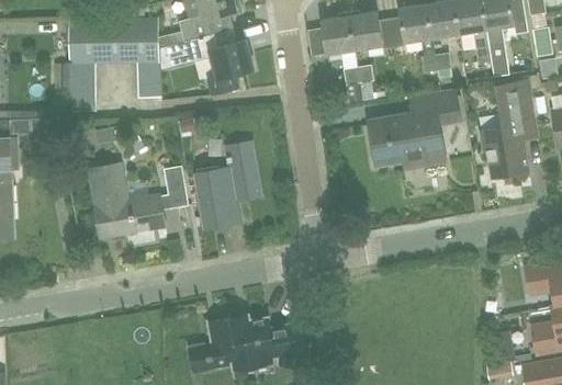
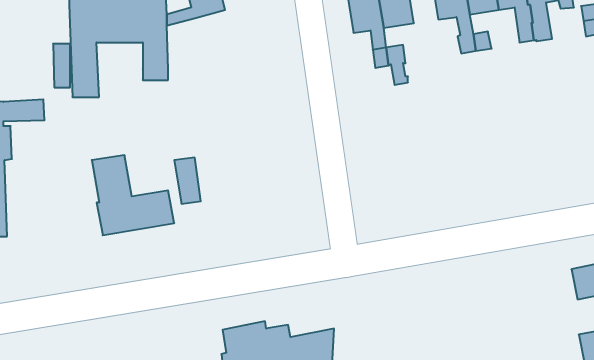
building: [183,33,251,95] -> none
building: [482,81,537,178] -> none
building: [370,91,458,165] -> none
building: [195,143,258,229] -> none

